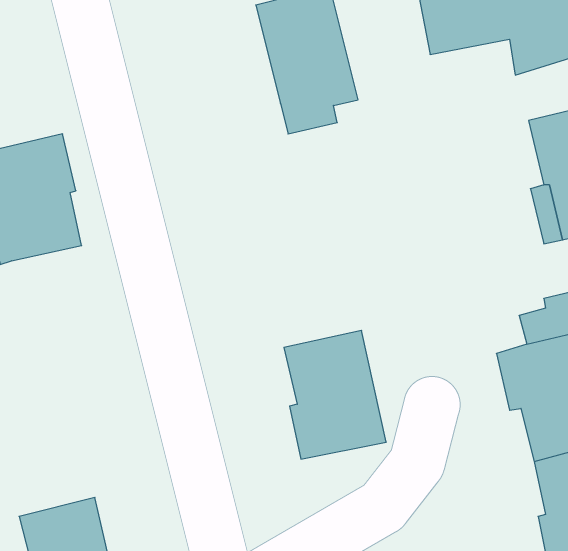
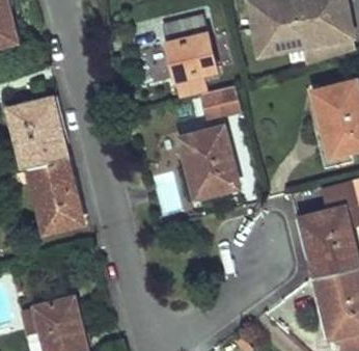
building: none -> [200,86,241,119]
building: none -> [29,158,83,232]
building: [284,330,386,459] -> [181,127,237,197]

